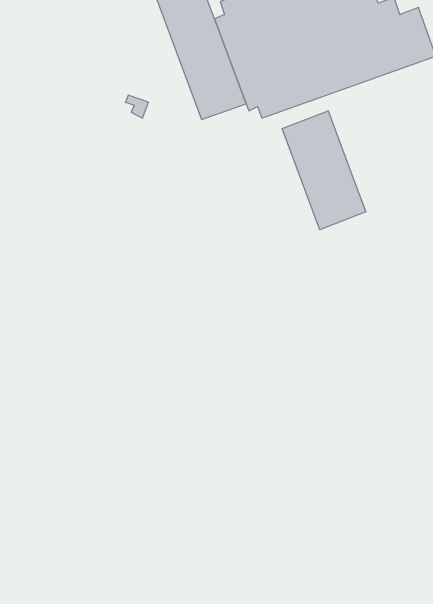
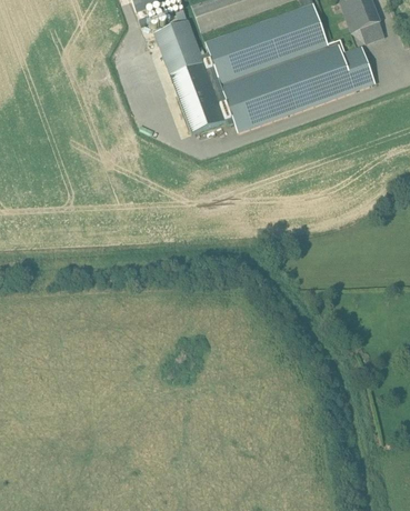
building: [282,111,366,230] -> none

